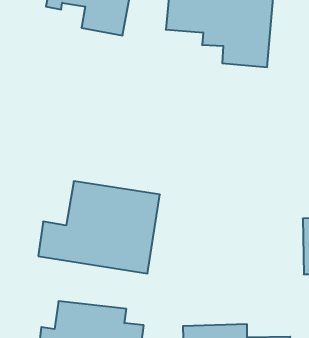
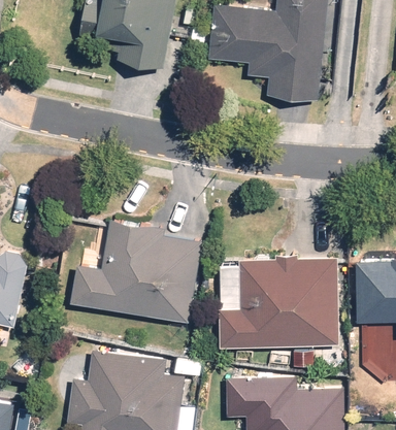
building: none -> [219,259,339,345]

